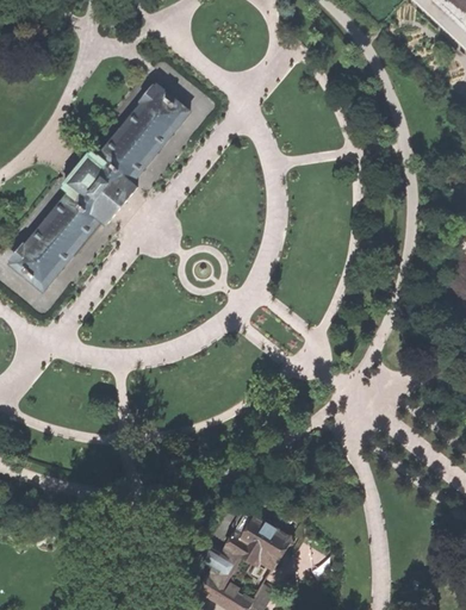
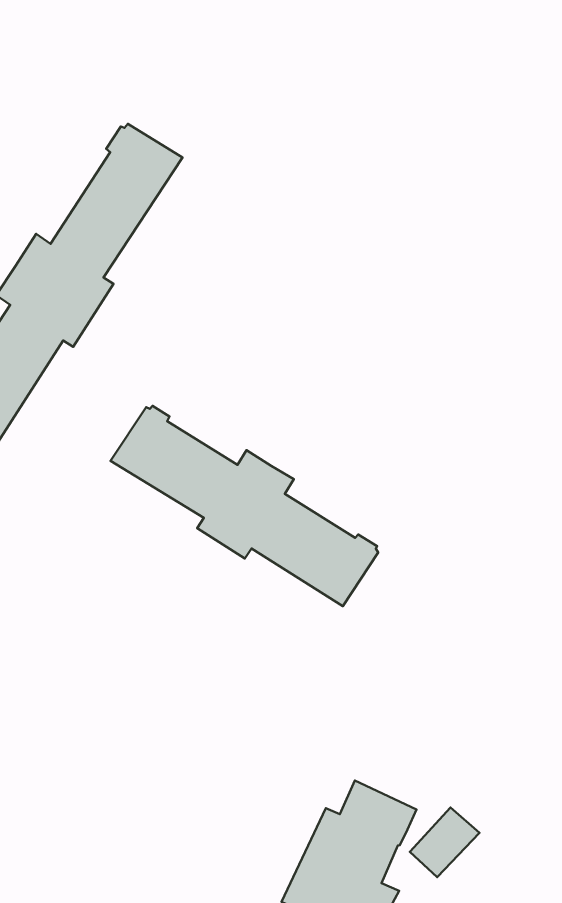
building: none -> [111,406,378,606]

